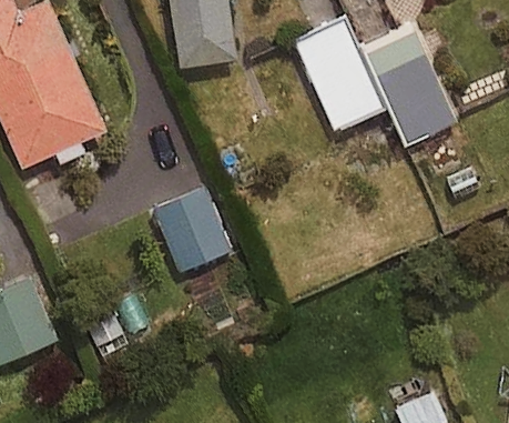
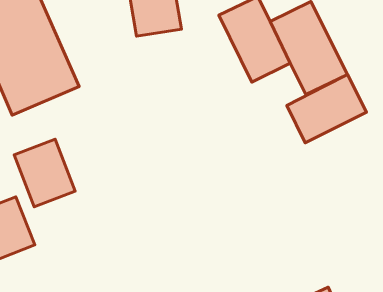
building: none -> [287,74,367,143]
building: [150,189,227,275] -> [14,139,75,207]

